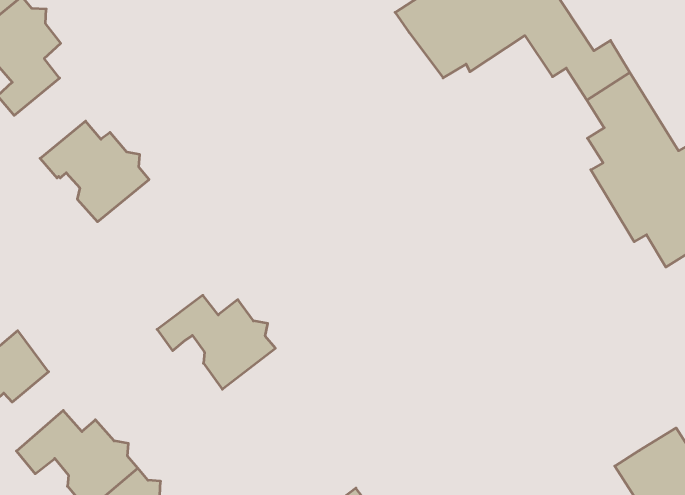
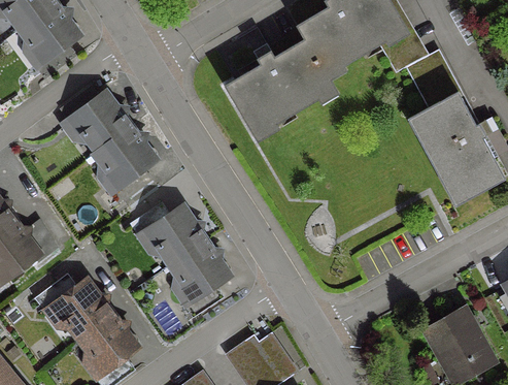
building: none -> [224,39,333,132]
building: none -> [94,126,154,205]
building: none -> [170,240,228,318]

